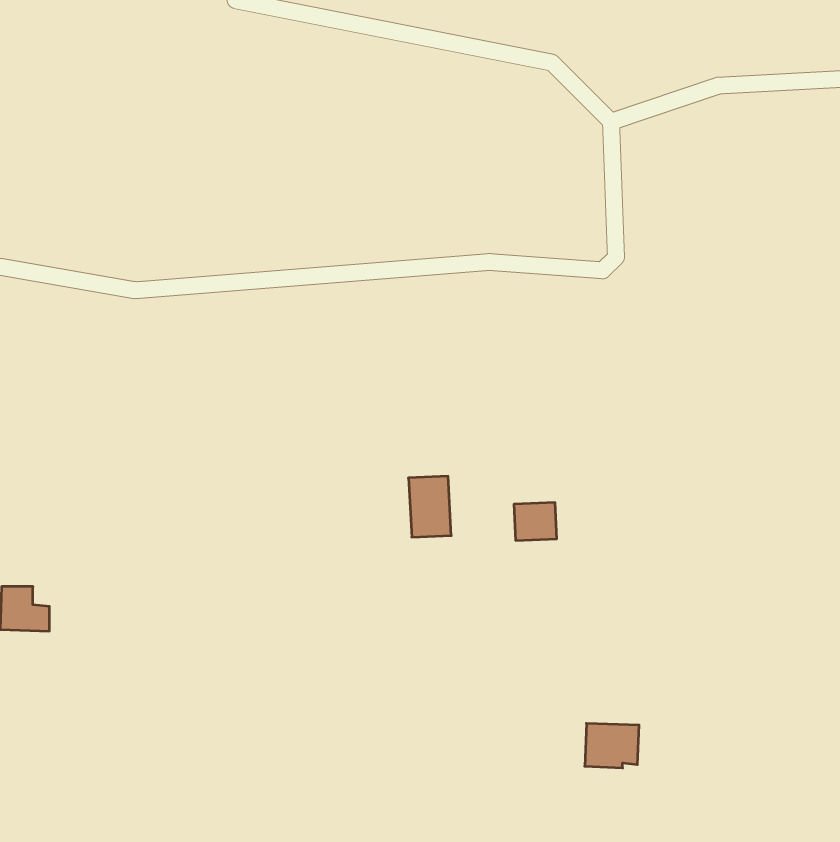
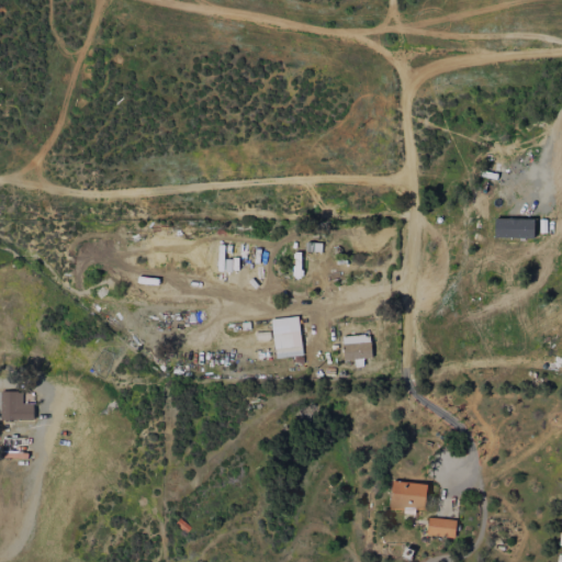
building: none -> [495,218,535,238]
building: none -> [427,517,457,538]

